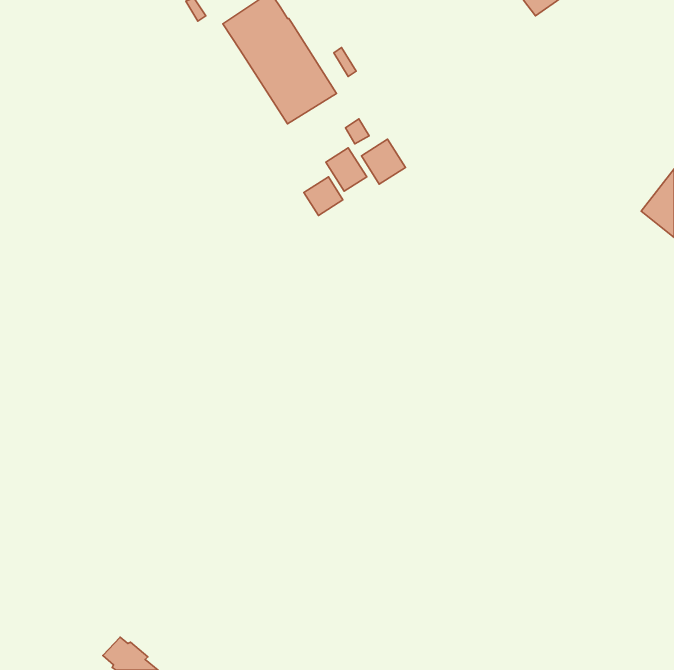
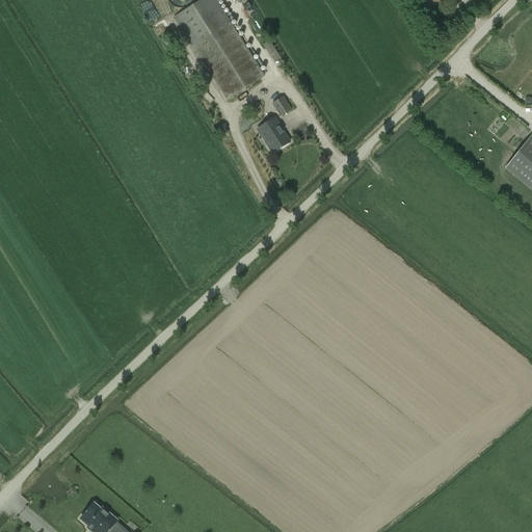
building: [361,139,405,184] -> none
building: [304,177,343,216] -> none

